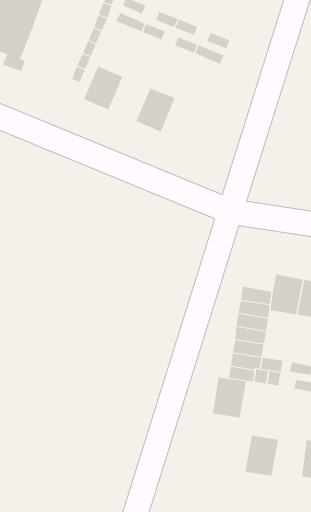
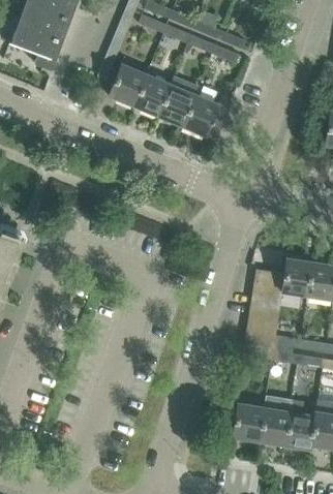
building: none -> [134,74,173,116]
building: none -> [183,94,221,136]
building: [212,377,247,418] -> [235,403,267,441]
building: none -> [286,411,317,450]

